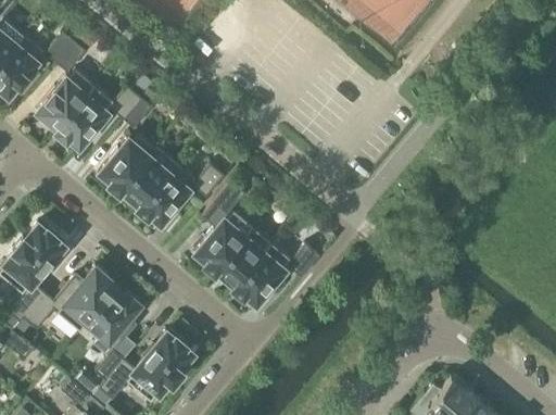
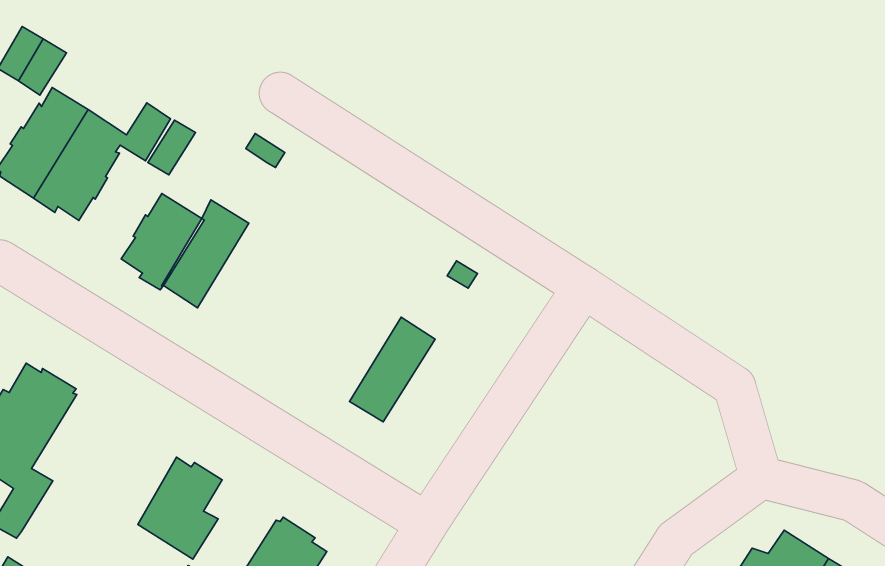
building: [138,163,225,224] -> none
building: [197,183,254,274] -> none
building: [233,243,320,304] -> none
building: [23,267,116,332] -> none

